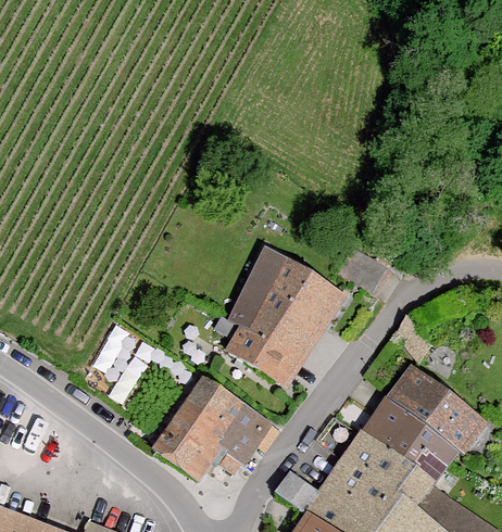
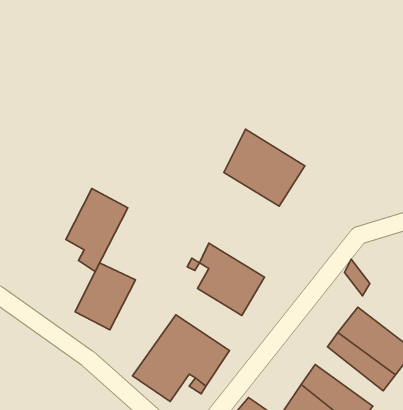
building: none -> [66,188,128,272]
building: [243,246,337,335] -> [224,129,305,206]
building: [366,416,444,484] -> none

